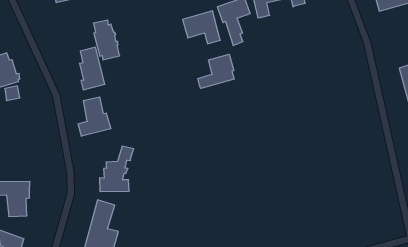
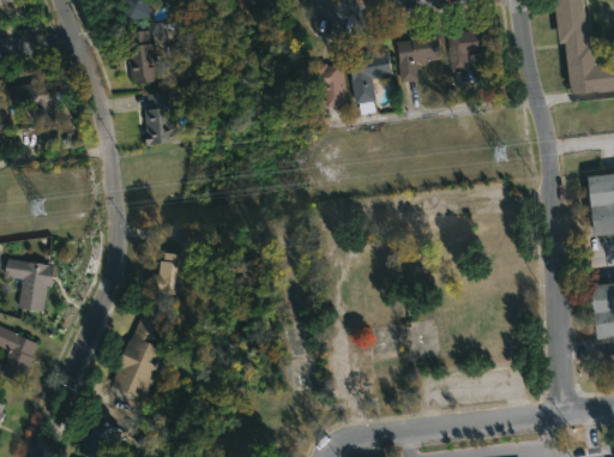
building: [93,20,120,60] -> [127,32,158,86]
building: [198,54,234,88] -> none
building: [78,97,111,136] -> none

